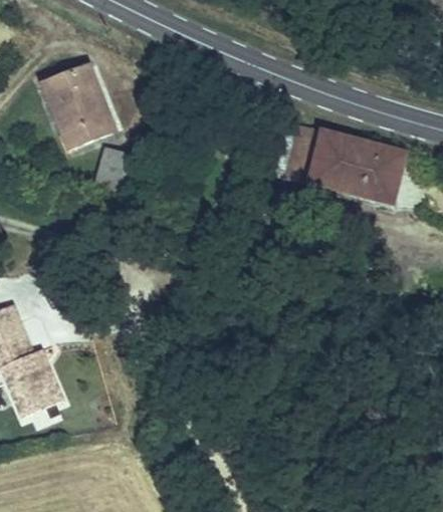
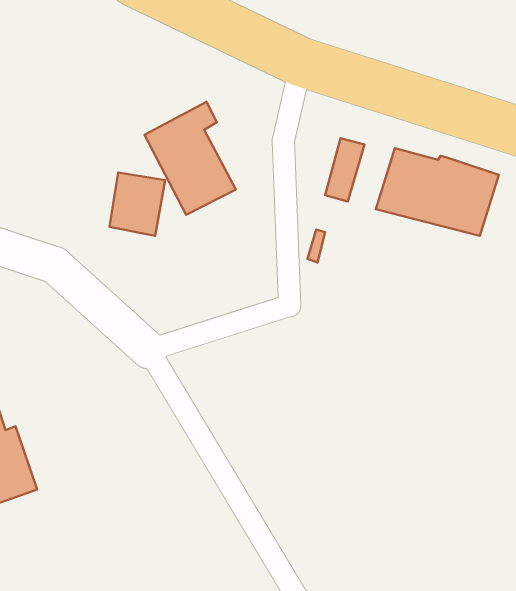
building: [42,71,115,161] -> [144,102,236,215]
building: [300,124,338,180] -> none

